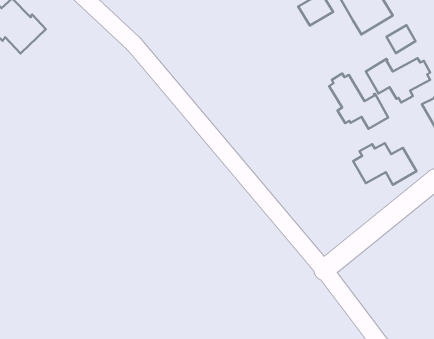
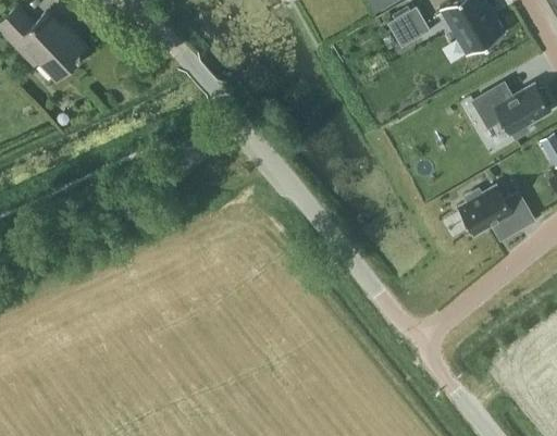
building: [387,25,415,53] -> none
building: [329,73,388,129] -> none

